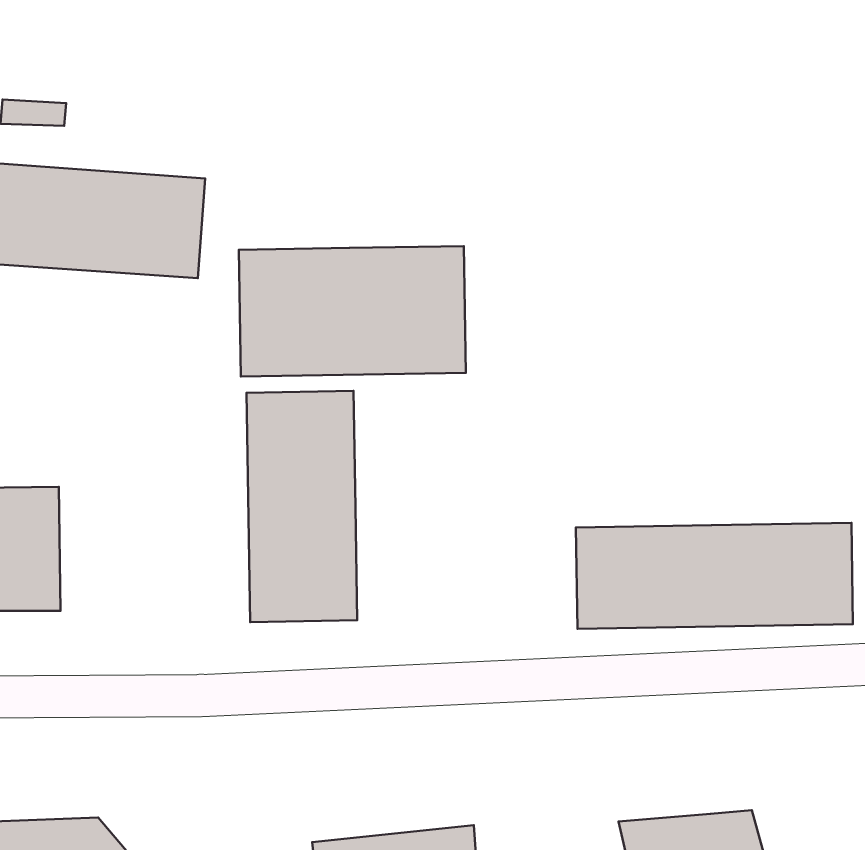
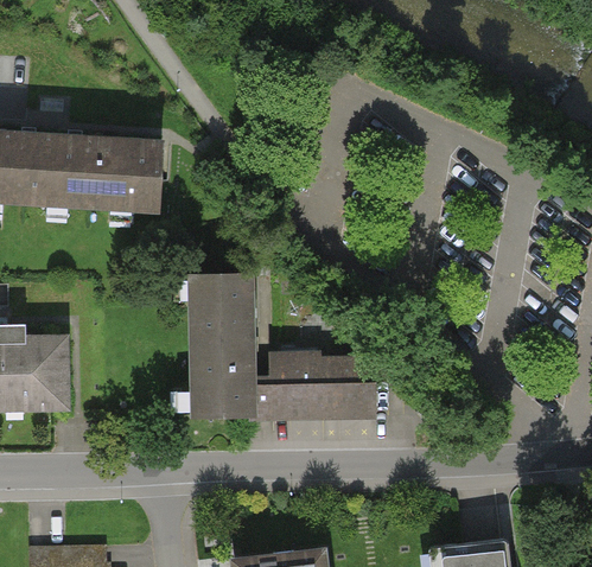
building: [239,246,466,377] -> none
building: none -> [255,349,376,421]
building: [576,523,853,629] -> none

